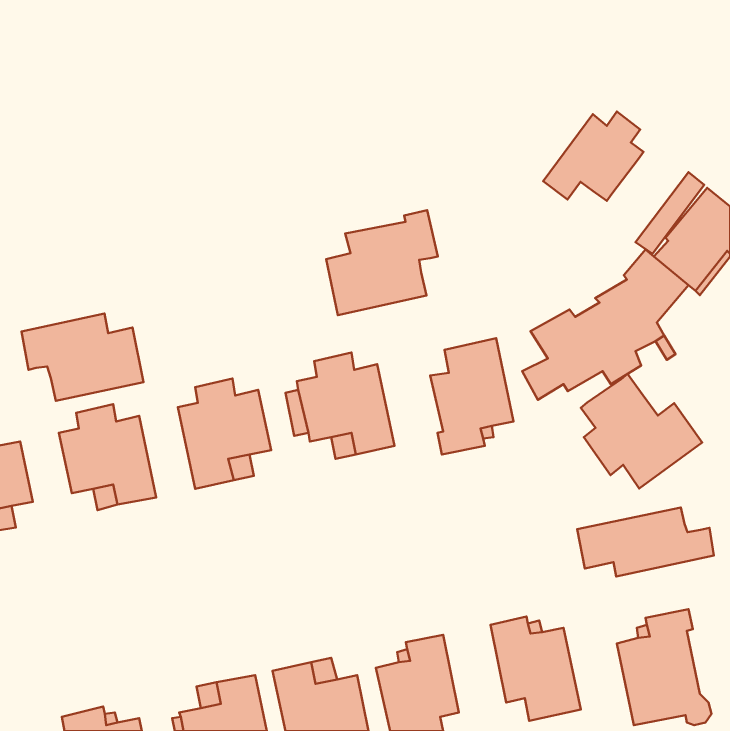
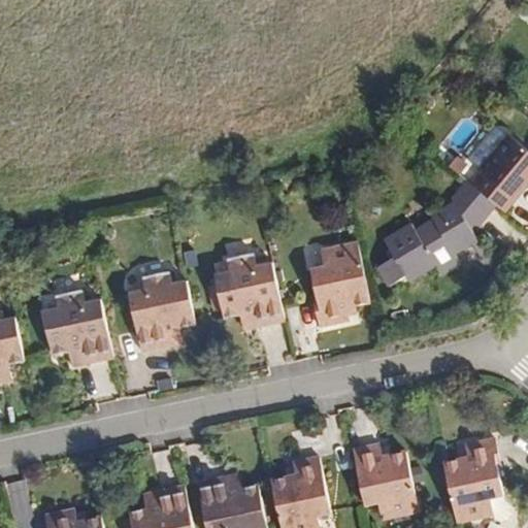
building: [543,112,643,201] -> none
building: [326,210,438,315] -> none
building: [22,313,143,401] -> none
building: [581,374,702,489] -> none
building: [577,508,714,576] -> none

